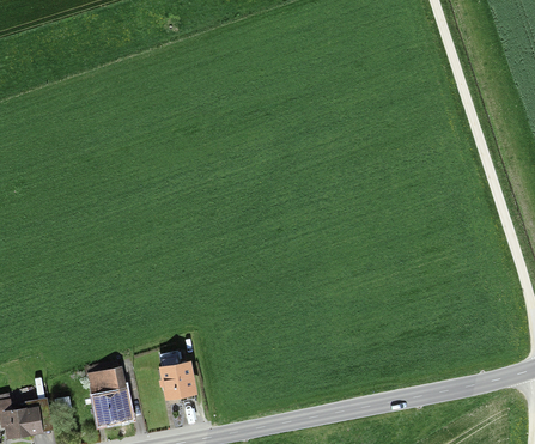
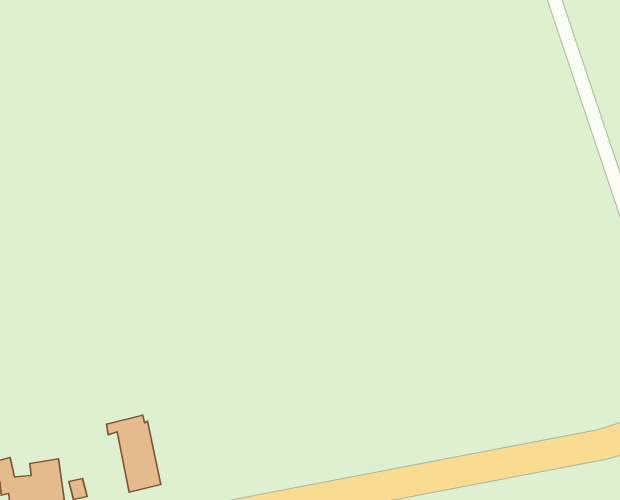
building: [158,351,194,402] -> none

